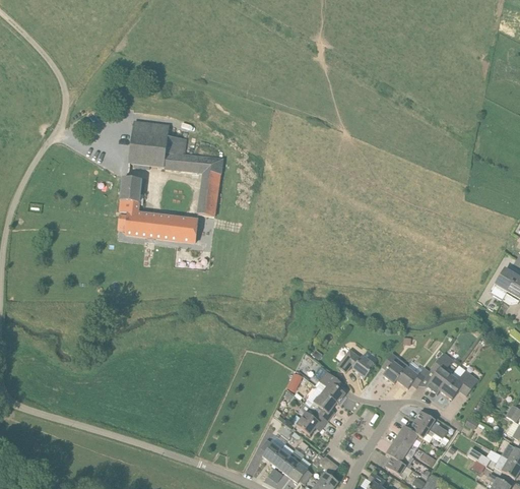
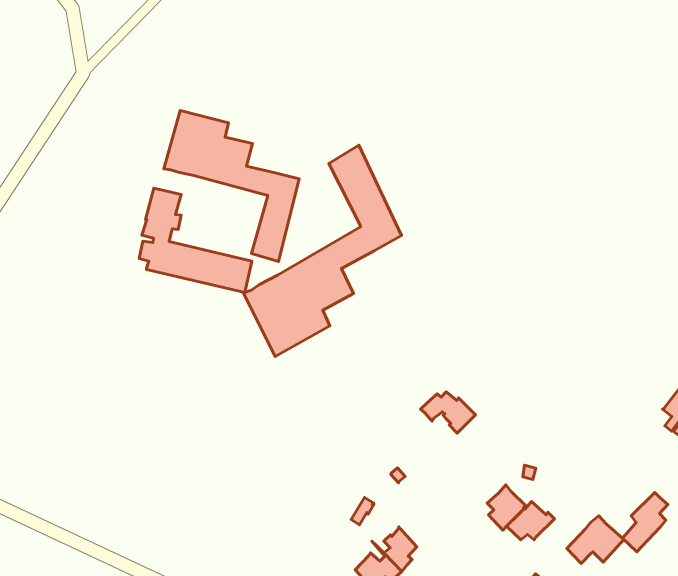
building: none -> [243,145,401,356]
building: [336,351,375,378] -> [420,392,476,433]
building: [426,351,454,393] -> [622,492,668,552]
building: [313,365,345,403] -> none

